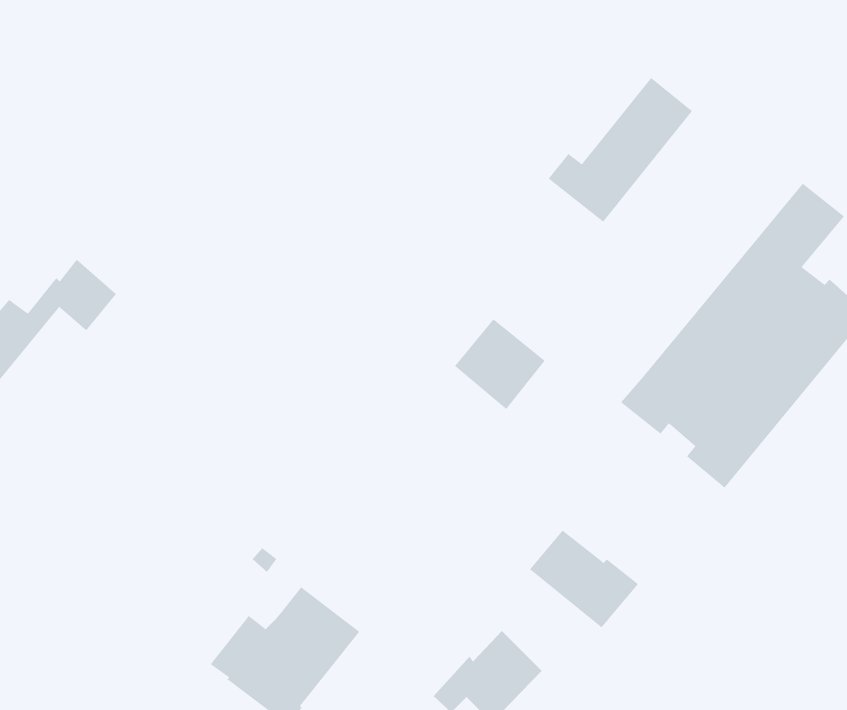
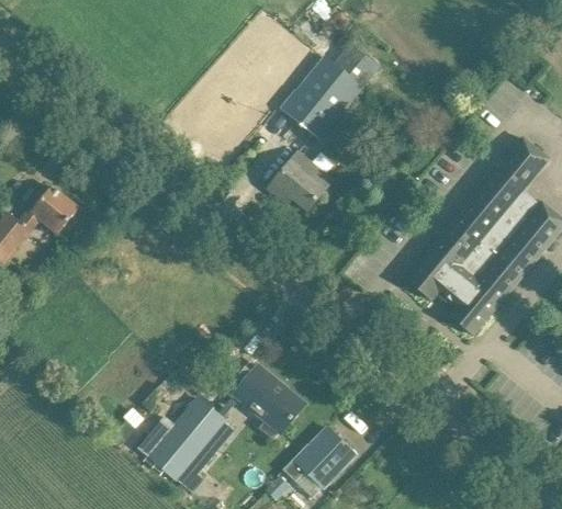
building: [548,77,693,223] -> [283,45,378,139]
building: [454,319,545,410] -> [273,152,333,212]
building: [529,525,639,628] -> [234,366,305,433]

